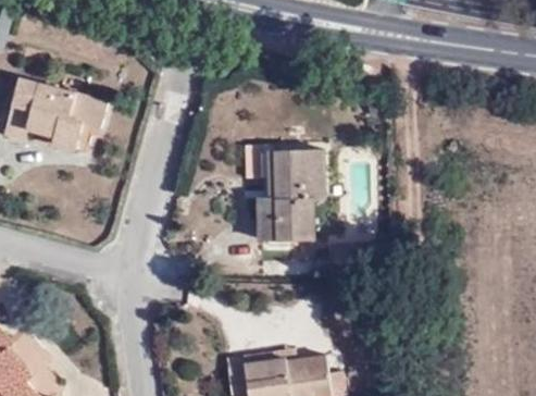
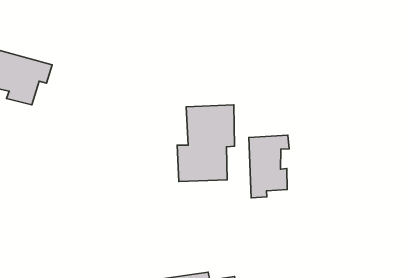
building: none -> [249,135,289,198]

